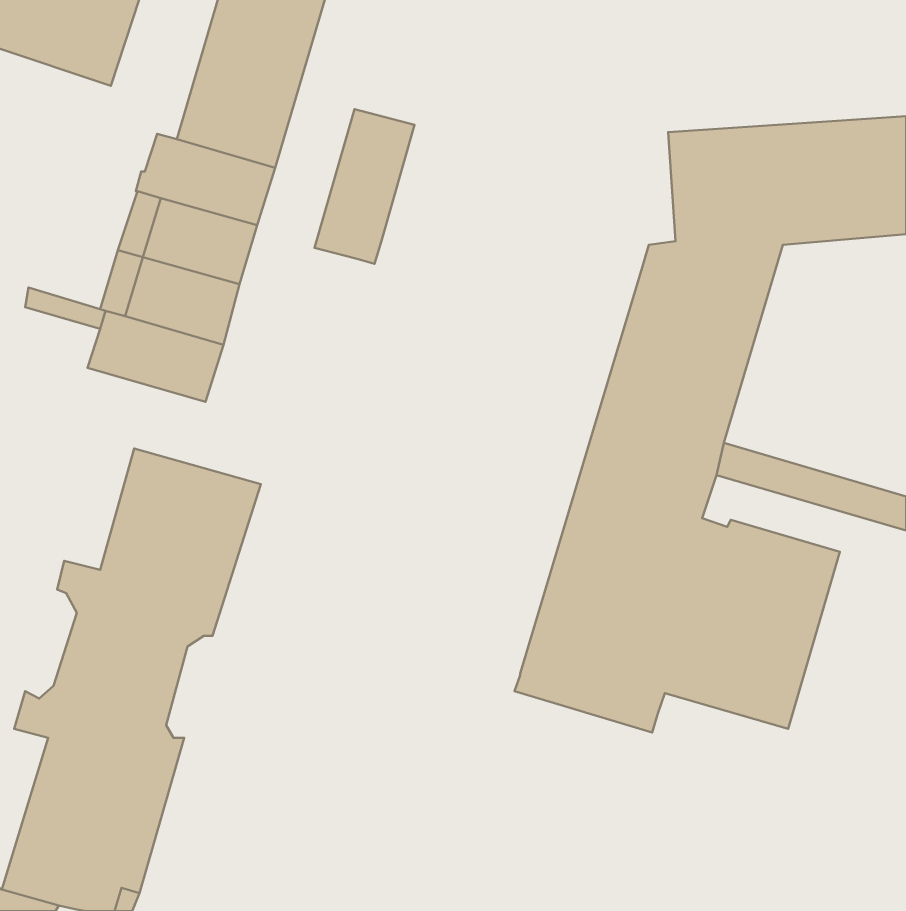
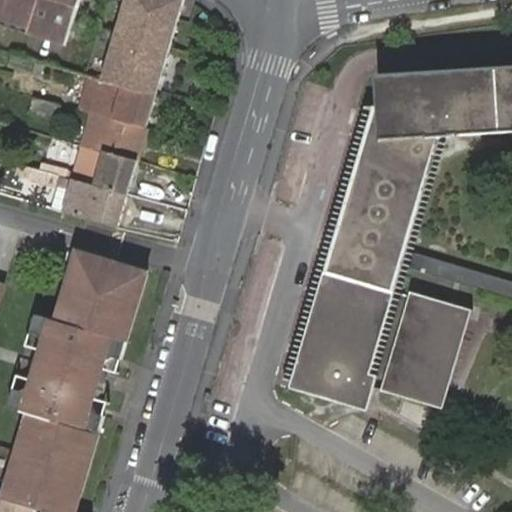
building: [314,109,415,264] -> none

